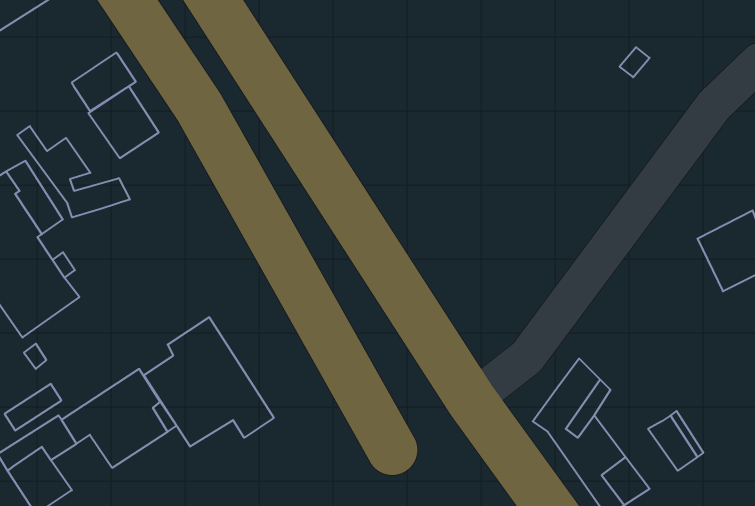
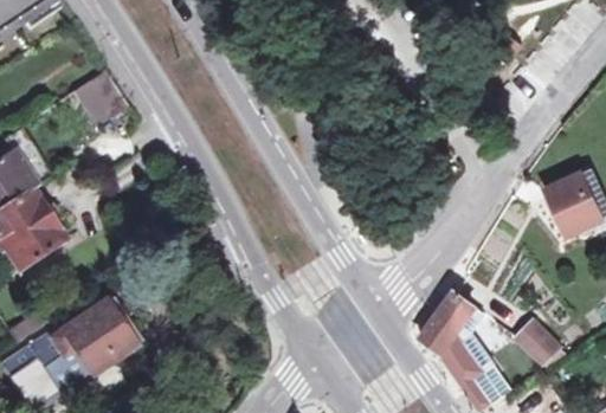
building: [72,53,136,111] -> none
building: [17,126,130,217] -> none
building: [144,317,274,447] -> none

